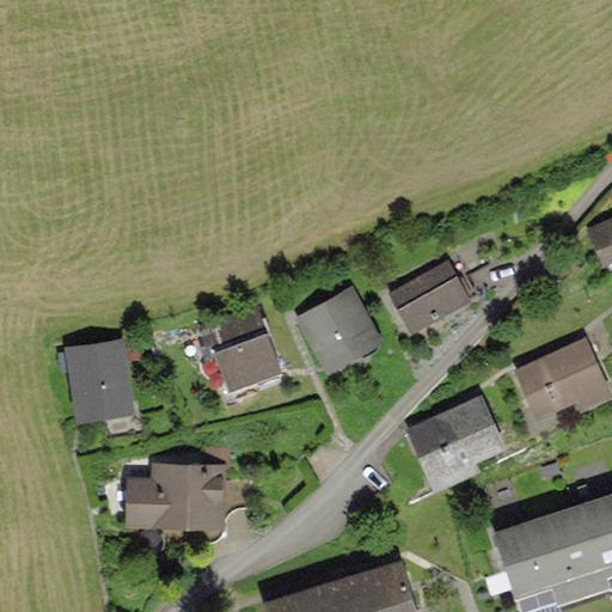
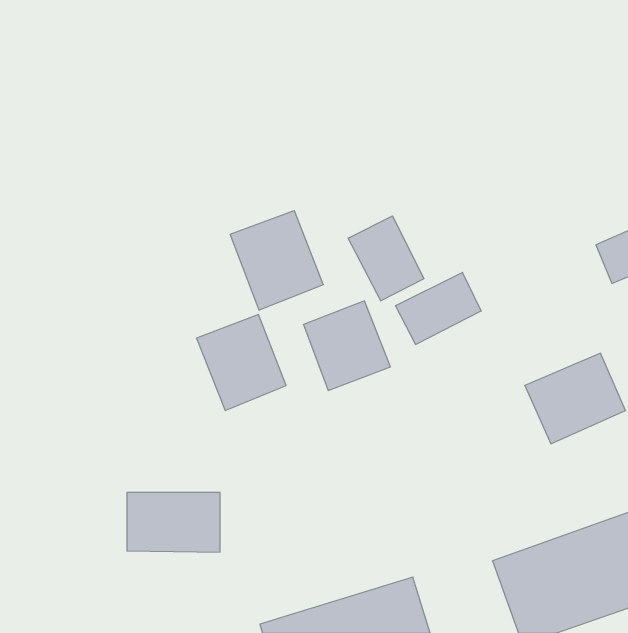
building: none -> [230,211,323,310]
building: none -> [348,216,424,301]
building: [75,339,142,422] -> none
building: [405,397,508,491] -> none

